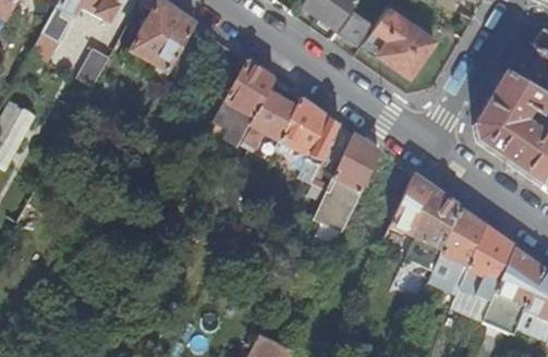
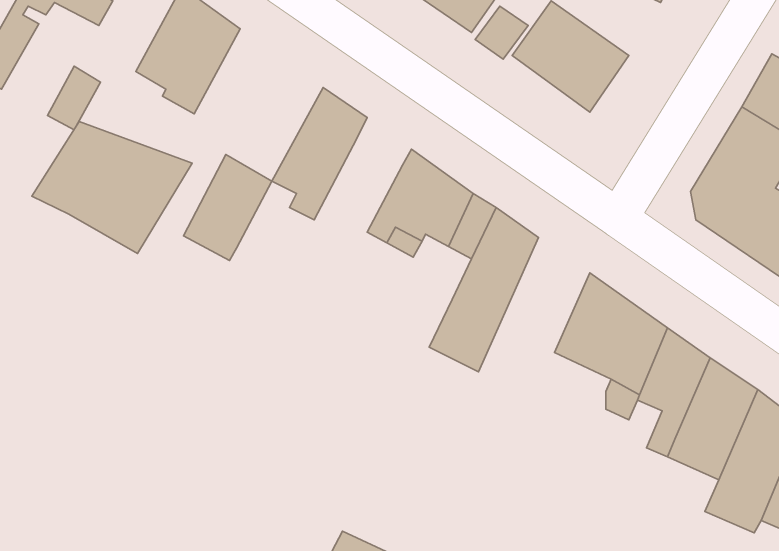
building: none -> [32,121,192,254]
building: [241,91,295,157] -> [184,155,272,261]

